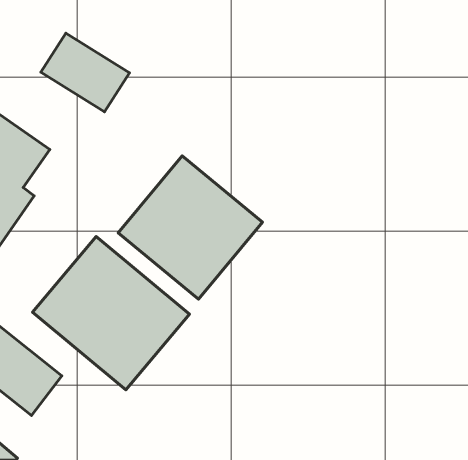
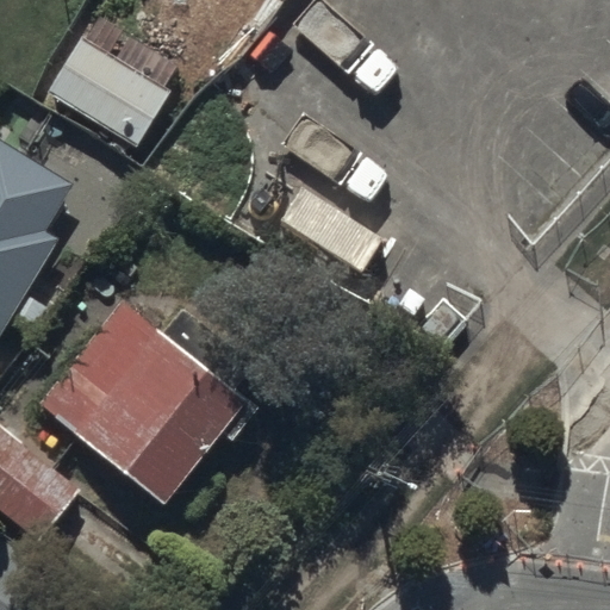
building: [118,156,262,299] -> none

